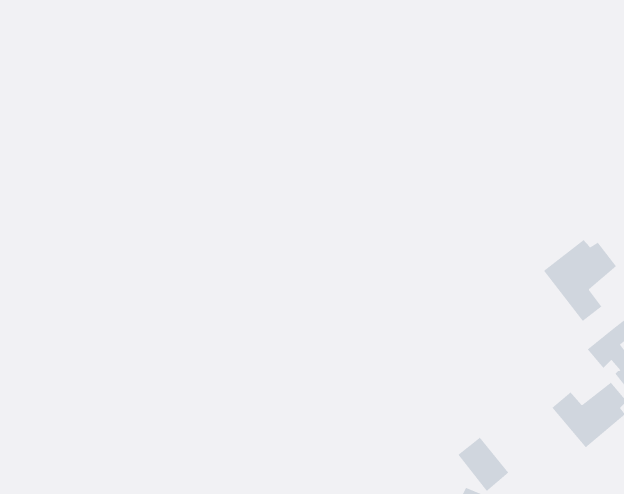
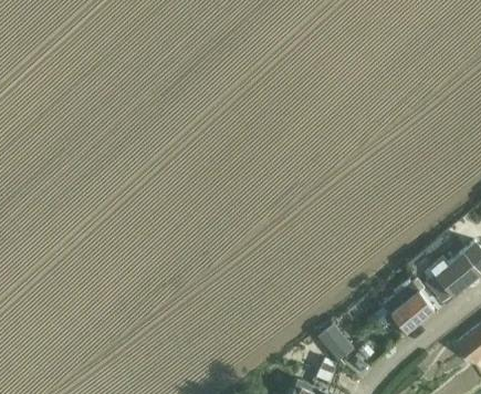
building: [543,239,617,322] -> none

